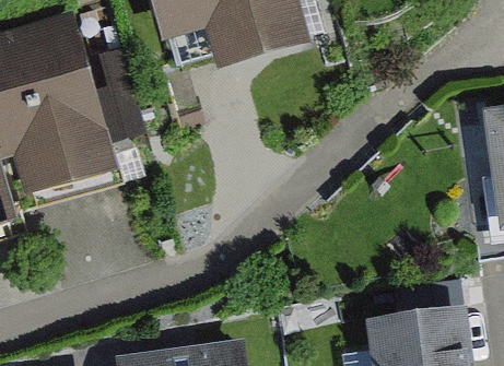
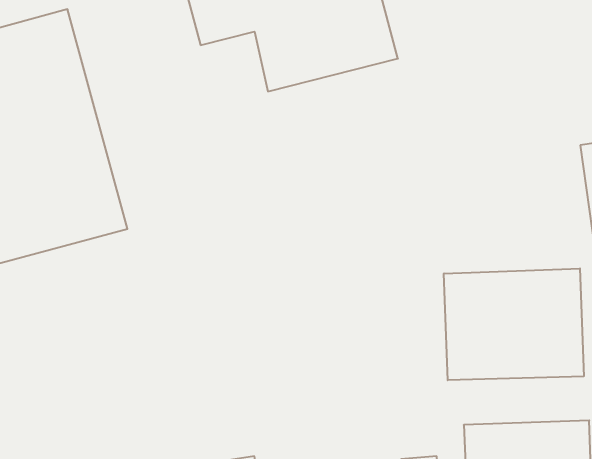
building: none -> [444,268,584,380]

